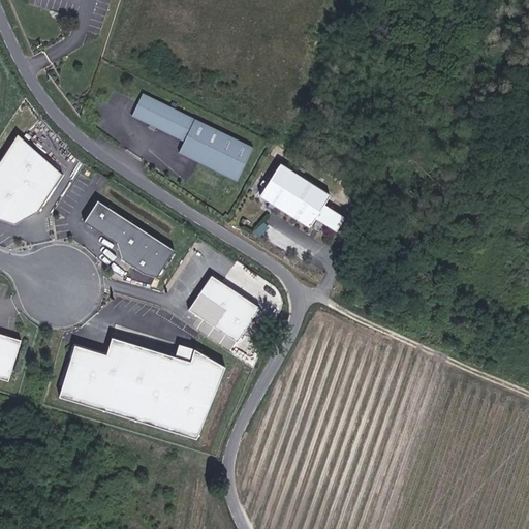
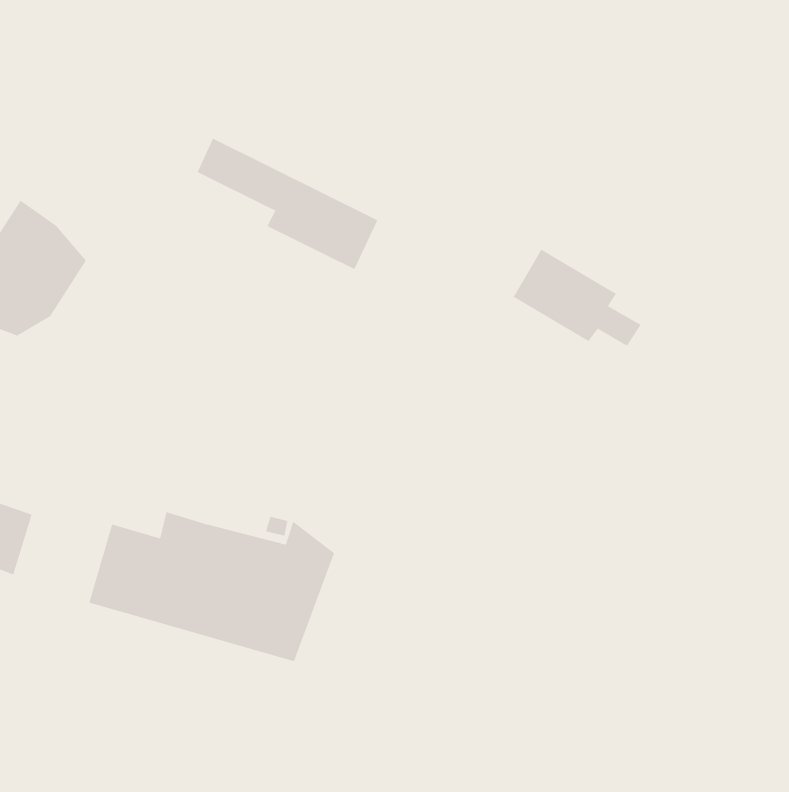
building: [259,165,345,230] -> [513,249,642,346]
building: [82,200,173,276] -> none
building: [188,276,258,342] -> none

